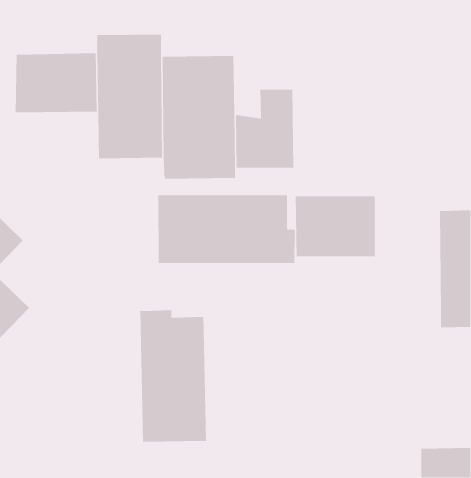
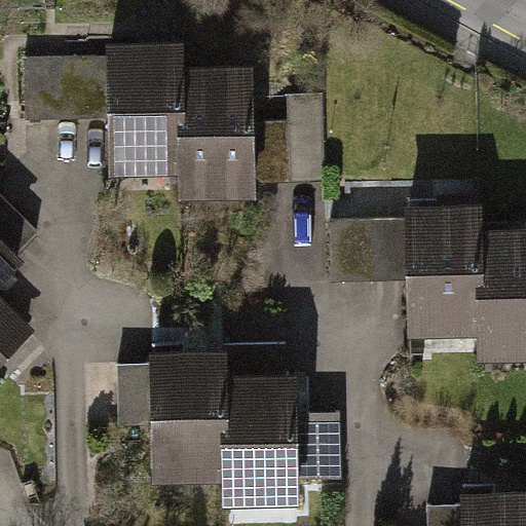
building: none -> [412,205,483,343]
building: [158,195,295,264] -> none
building: none -> [224,346,301,512]

